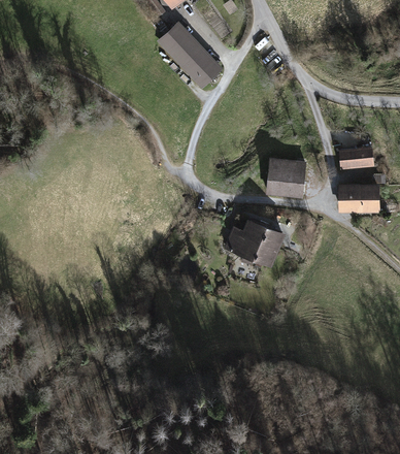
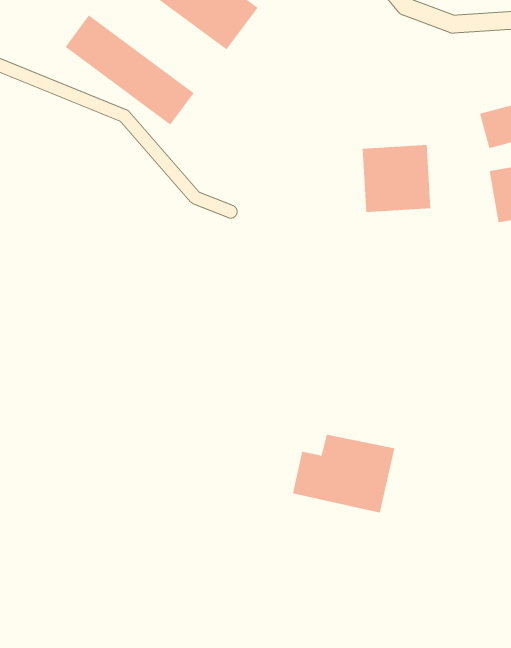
building: none -> [65,15,194,125]
building: [224,218,286,267] -> [292,434,395,513]

